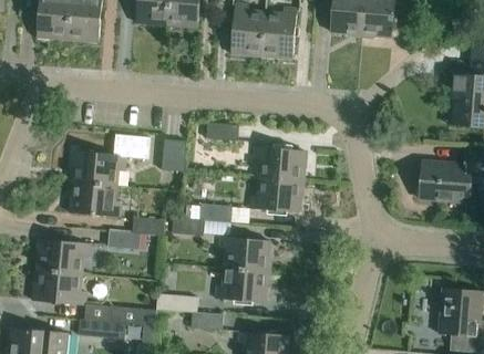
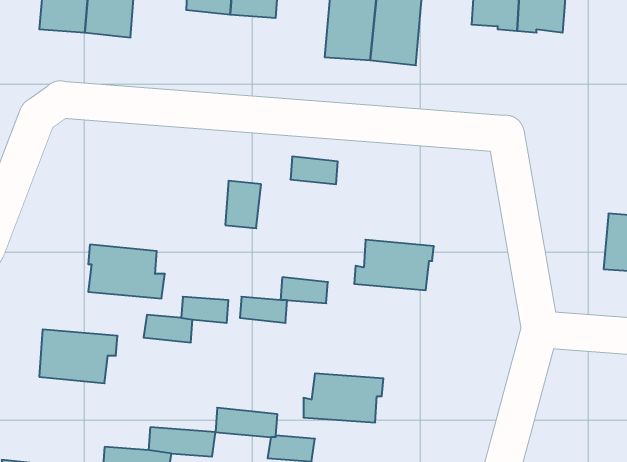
building: [71,136,150,186] -> none
building: [254,146,306,183] -> none
building: [219,238,271,272] -> none
building: [33,271,85,305] -> none

